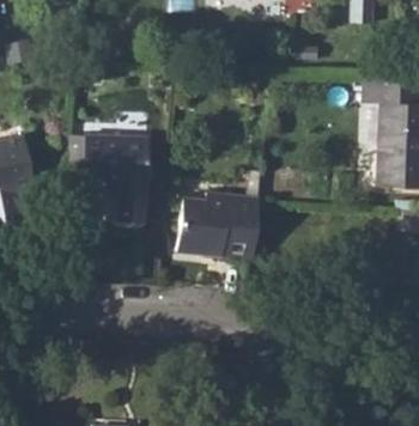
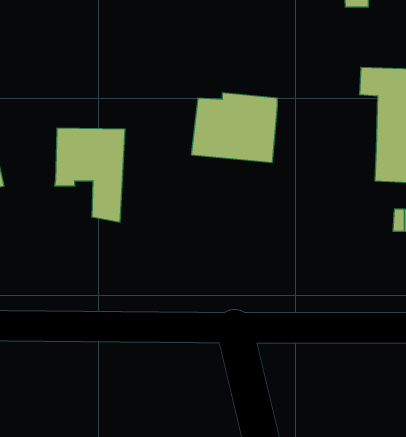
building: [177,191,257,256] -> [191,93,278,162]

